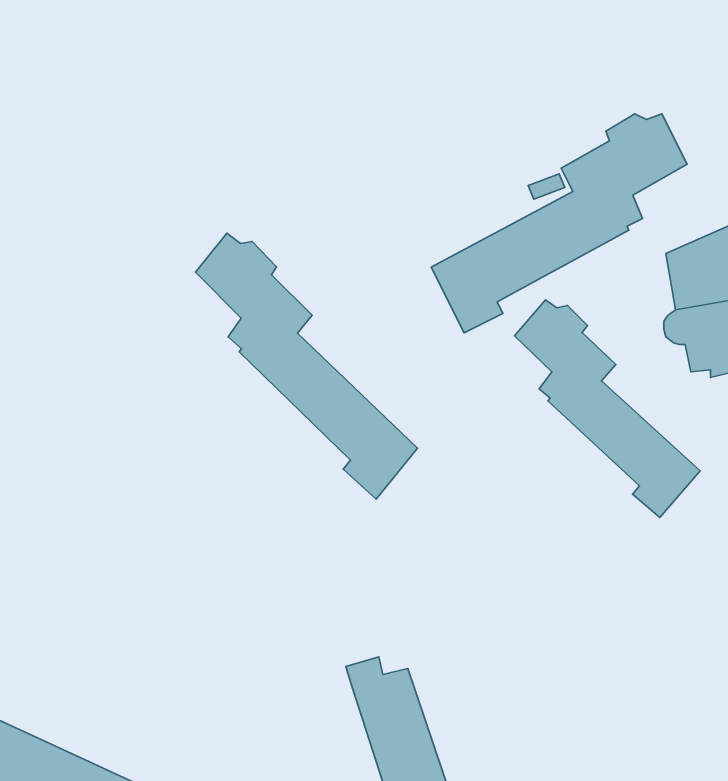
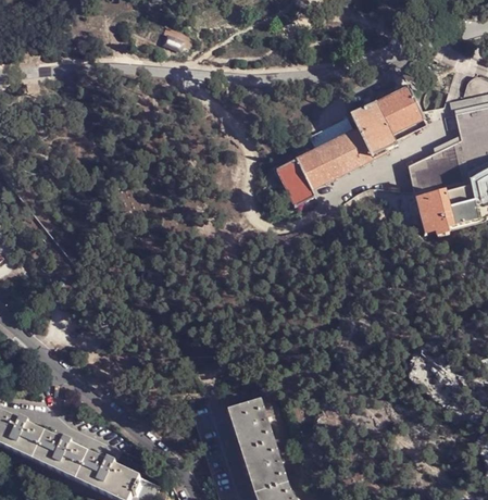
building: [195,233,417,499] -> none
building: [514,300,700,518] -> none

